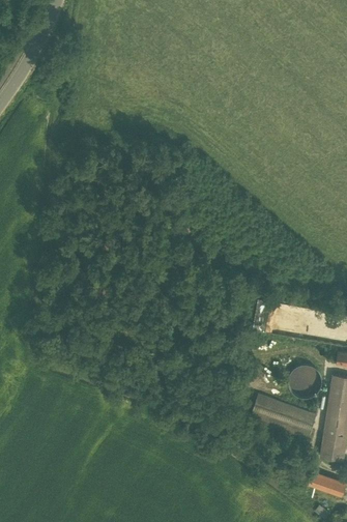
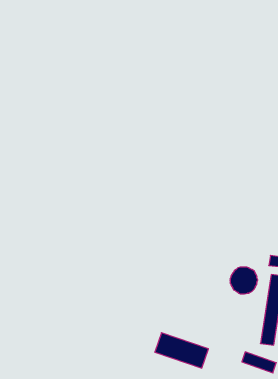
building: [249,396,315,439] -> [155,333,208,368]

